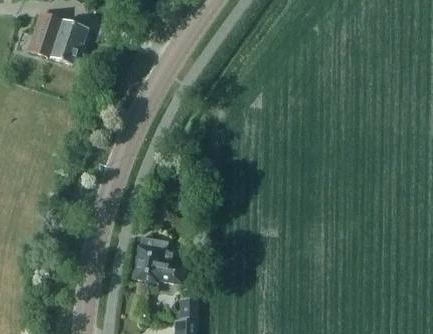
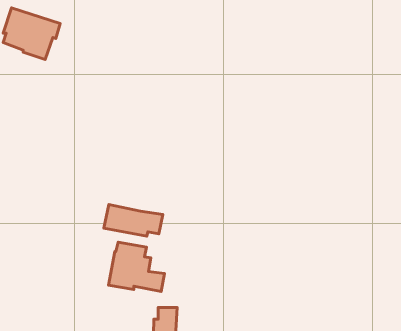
building: none -> [104,204,163,236]

